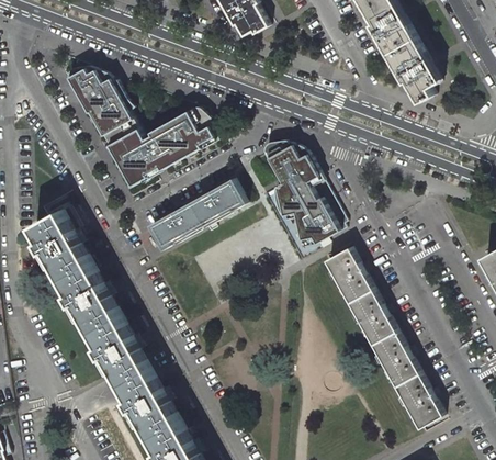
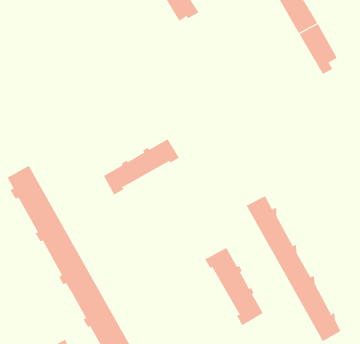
building: [66,67,219,188] -> none
building: [262,142,343,246] -> none
building: none -> [205,247,263,326]

